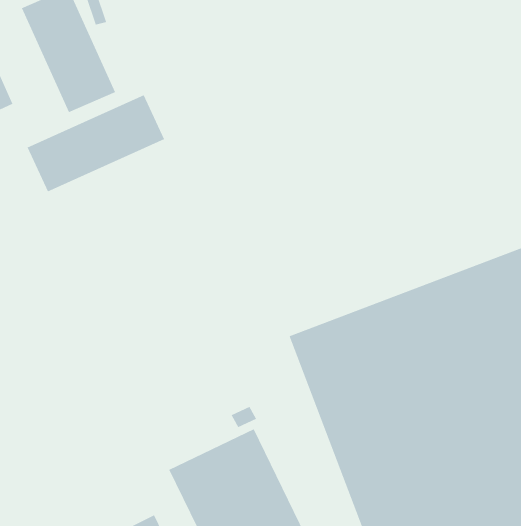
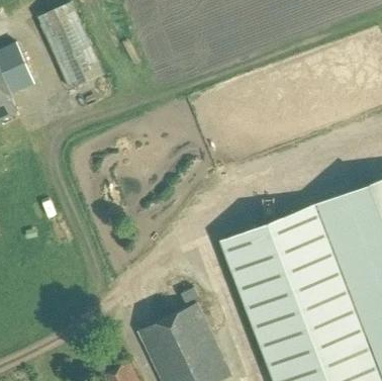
building: [26,94,165,192] -> none

